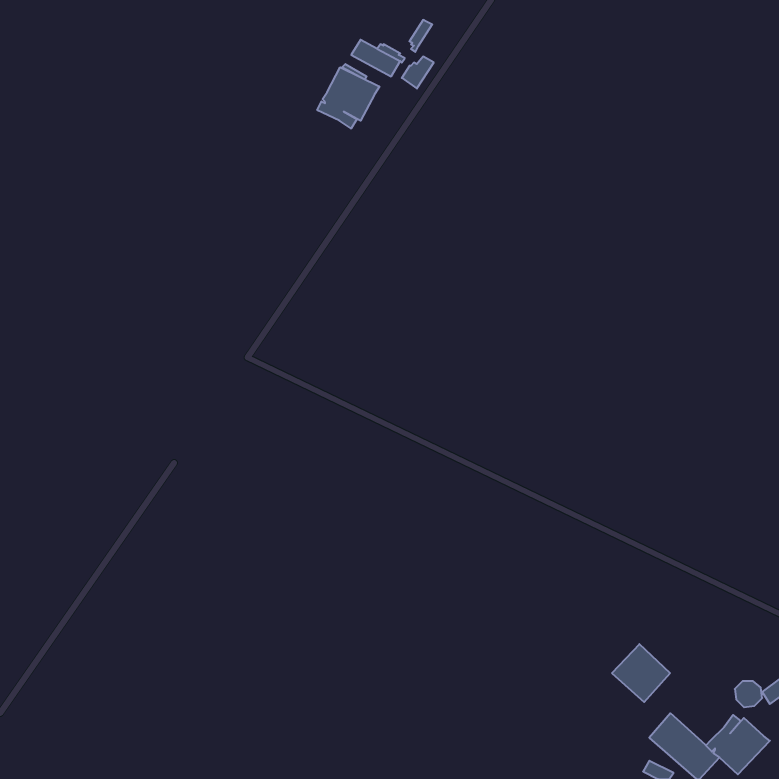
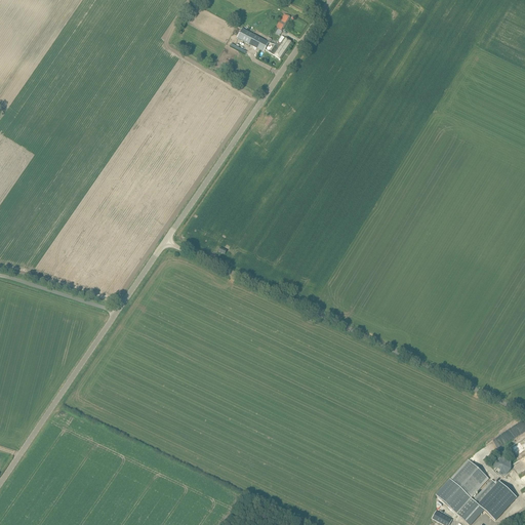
building: [317,67,379,129] -> none
building: [612,644,670,702] -> [451,459,490,498]

